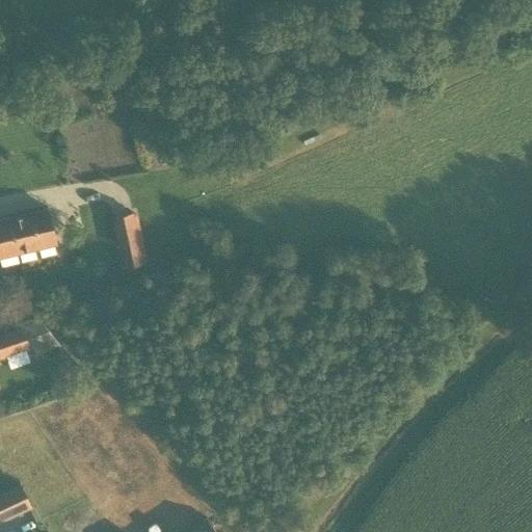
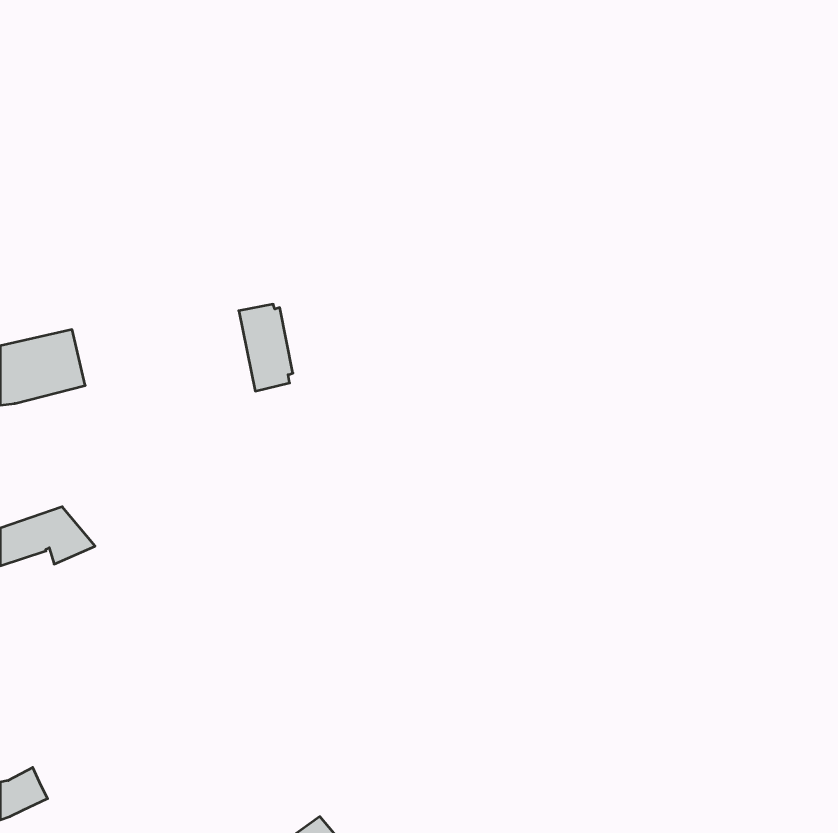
building: [111,216,145,271] -> [239,304,293,391]

